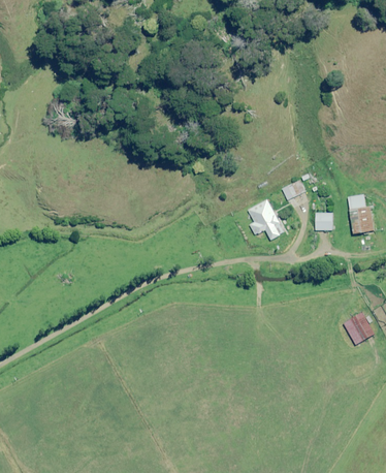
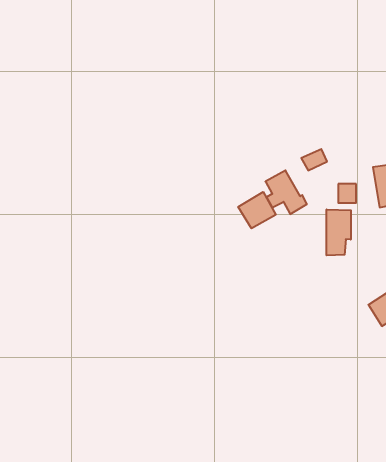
building: none -> [238,192,276,228]
building: none -> [327,209,351,255]

